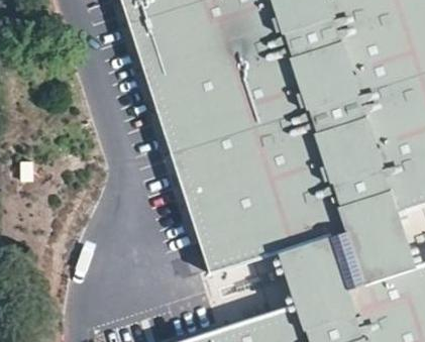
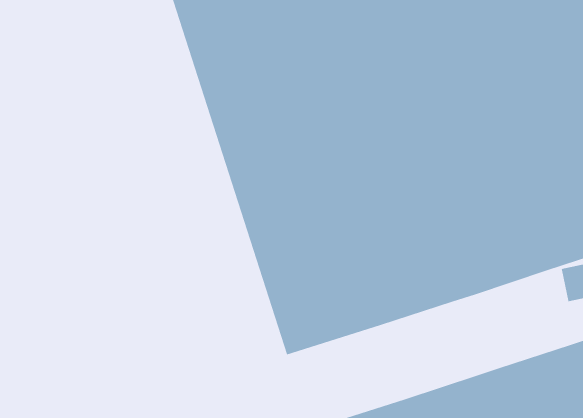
building: [278,212,415,304] -> none

